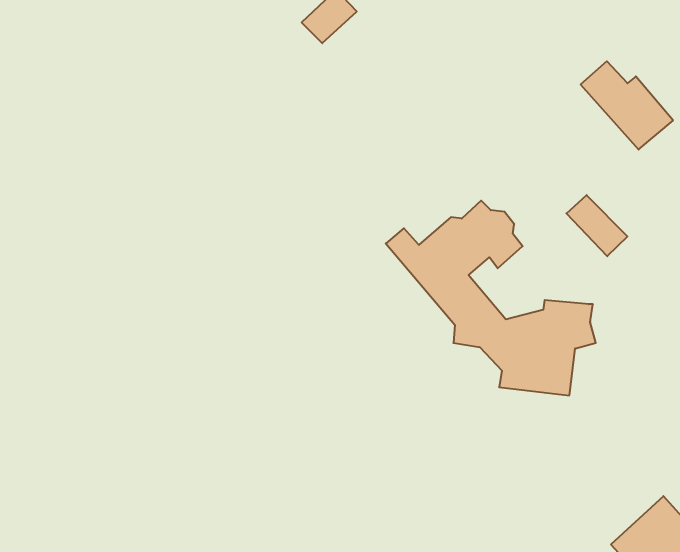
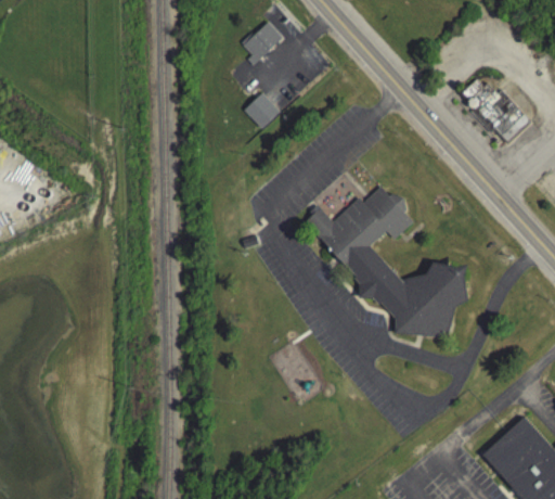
building: none -> [244,91,280,128]
building: [566,195,627,256] -> none

